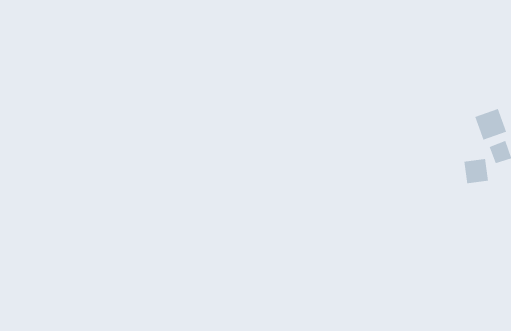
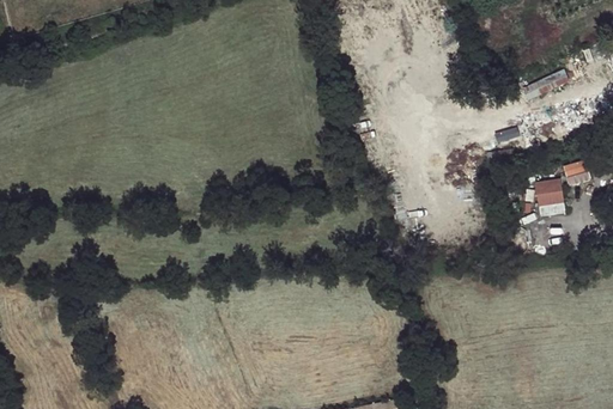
building: [475,108,507,141] -> none

